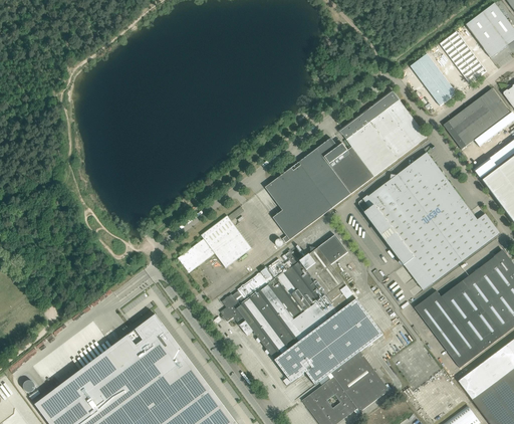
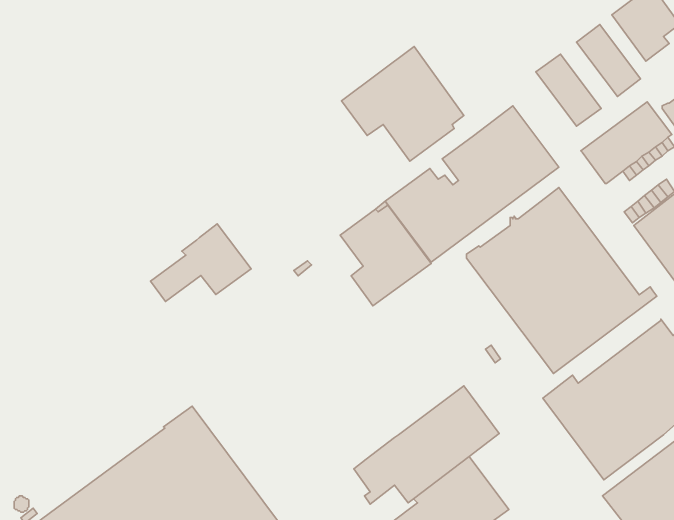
building: none -> [341,46,464,161]
building: [178,215,252,272] -> [150,224,251,301]
building: [220,234,356,360] -> none

